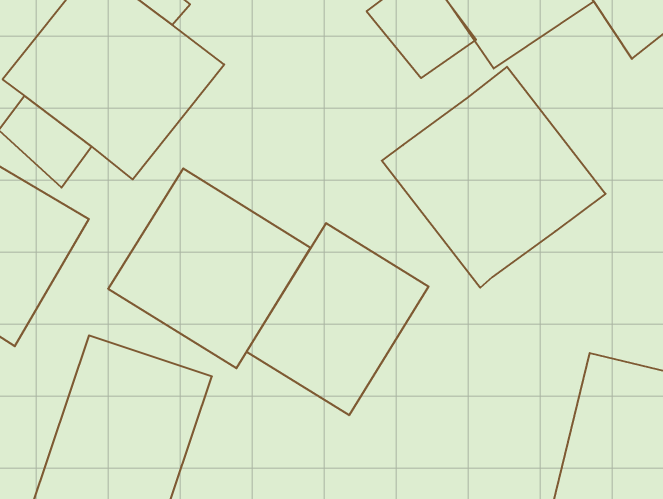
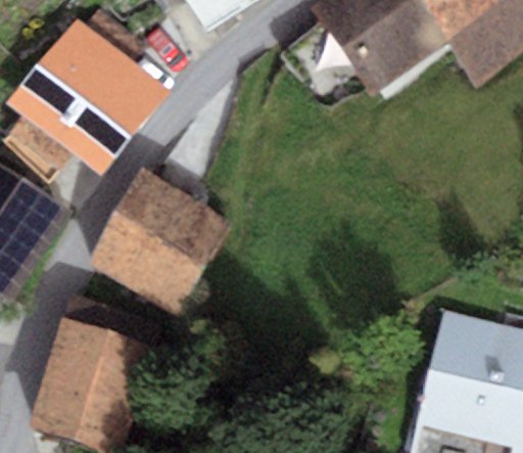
building: [382,67,606,288] -> none
building: [247,223,429,415] -> none

